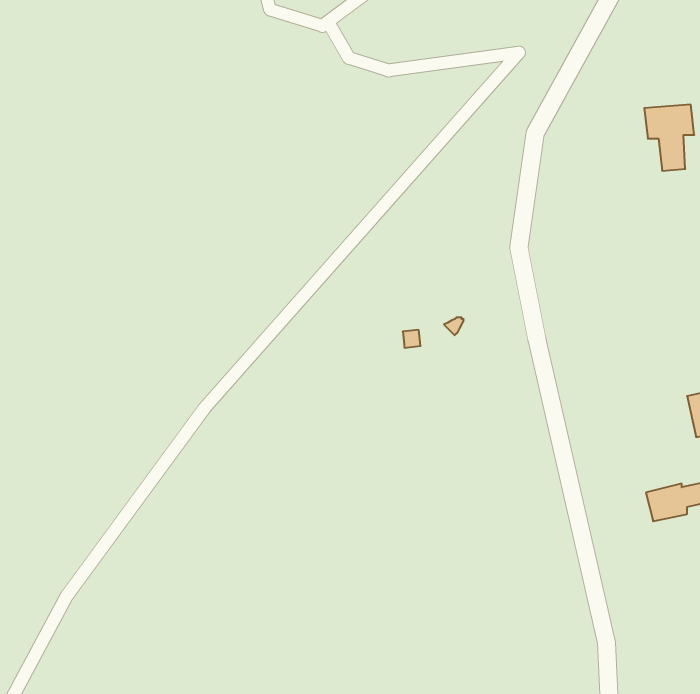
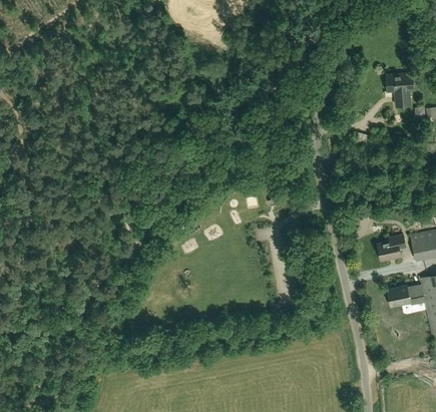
building: none -> [377,236,406,261]

